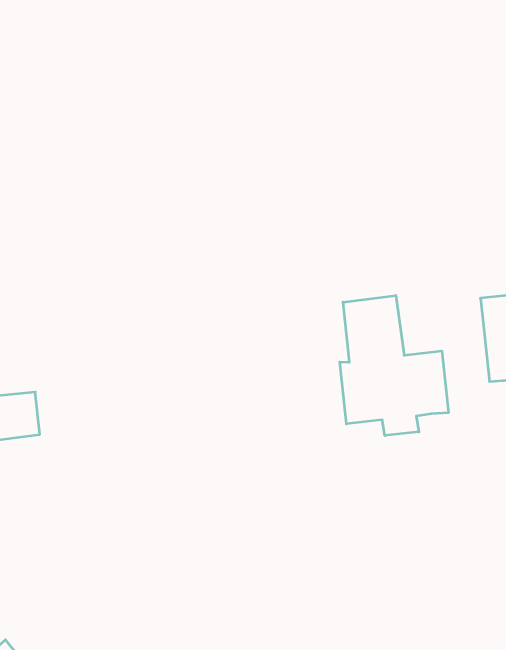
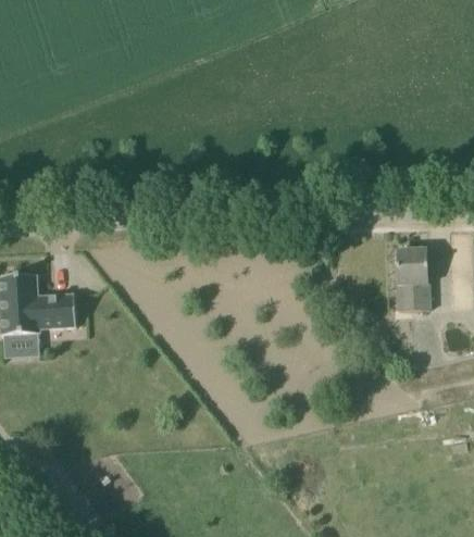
building: [340,295,448,436] -> none

